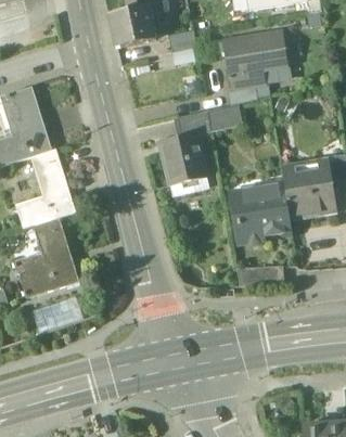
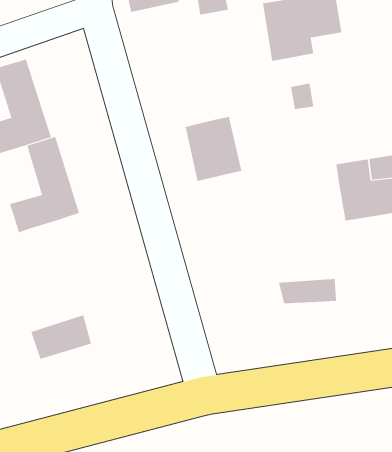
building: [179,103,243,136] -> none
building: [235,187,292,245] -> none
building: [18,217,78,297] -> none

